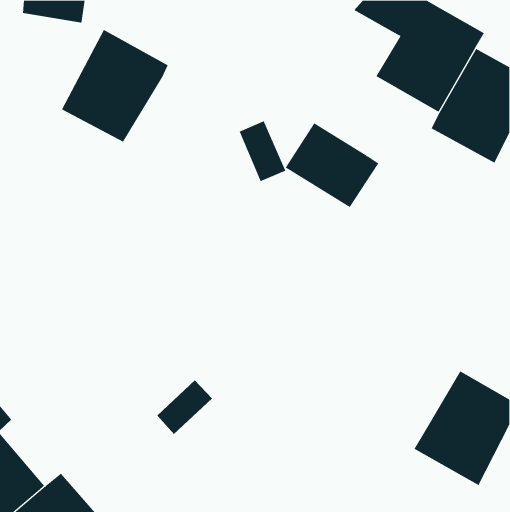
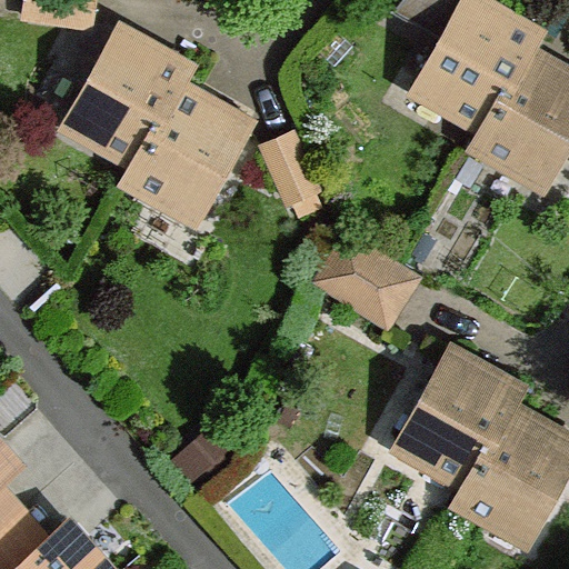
building: none -> [127,88,248,217]
building: [285,122,379,208] -> [316,233,420,328]
building: none -> [399,356,518,481]

